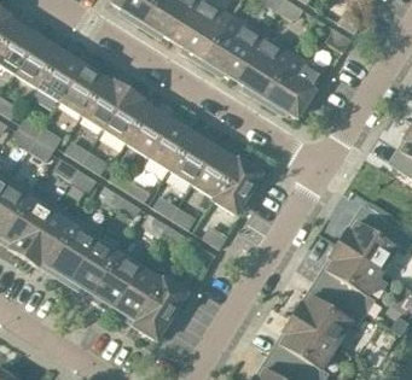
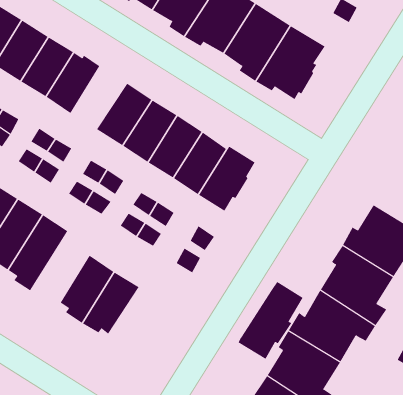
building: [103,89,151,144] -> none
building: [68,232,118,293] -> none
building: [133,273,190,340] -> [238,281,303,359]

